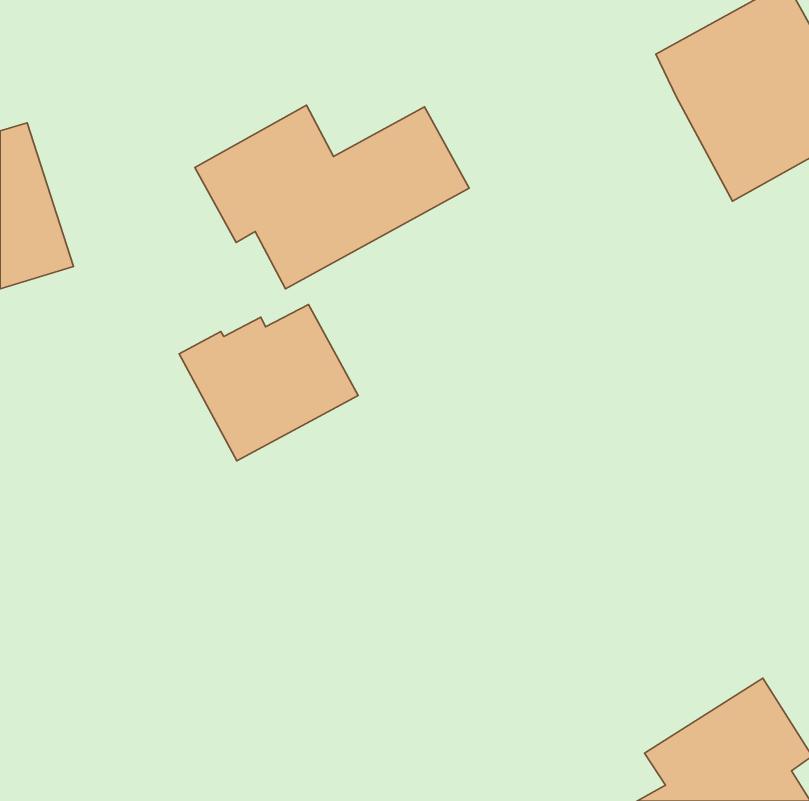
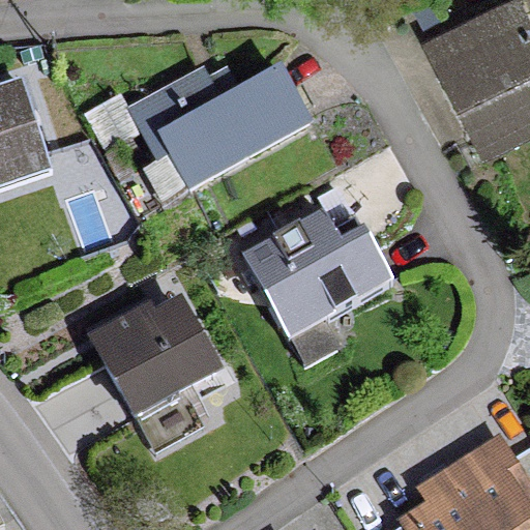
building: [179,304,358,461] -> [97,310,213,411]
building: none -> [244,212,389,327]

